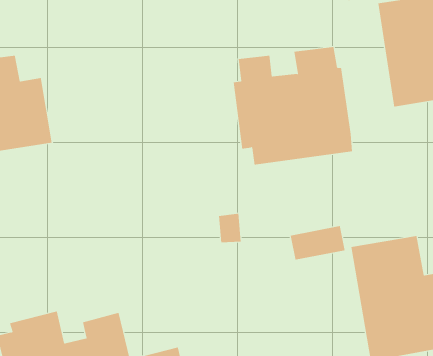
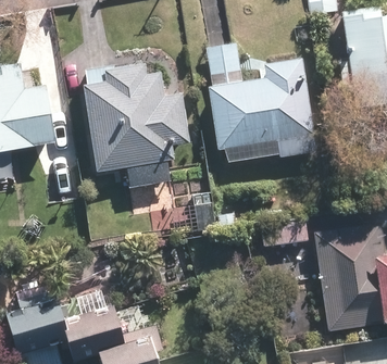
building: none -> [78,64,188,173]

